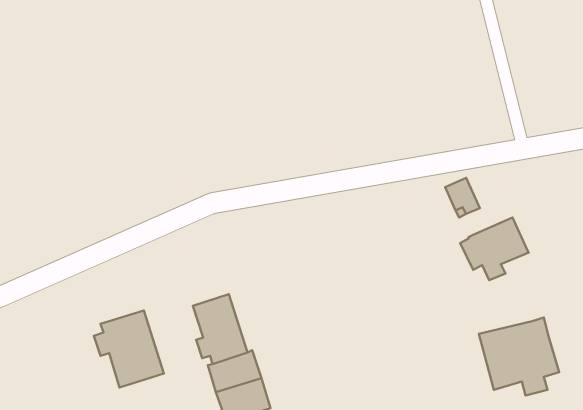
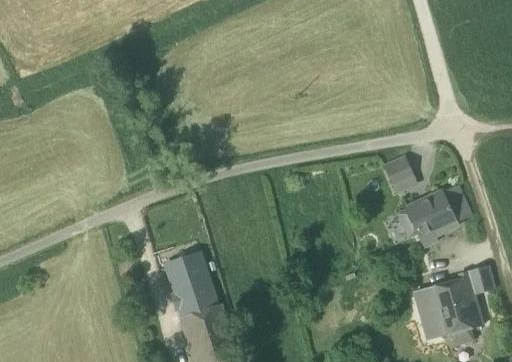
building: none -> [443,184,471,219]
building: none -> [458,265,494,292]
building: [94,310,164,388] -> none

